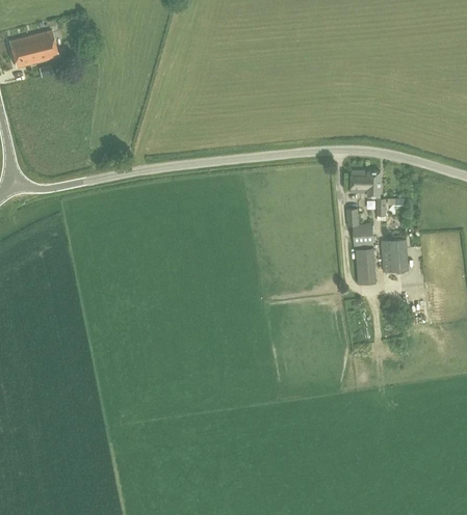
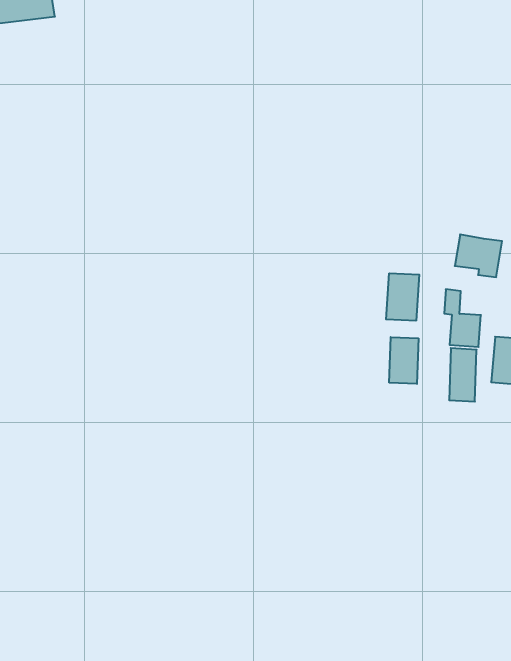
building: none -> [386,273,419,321]
building: none -> [389,337,418,384]

